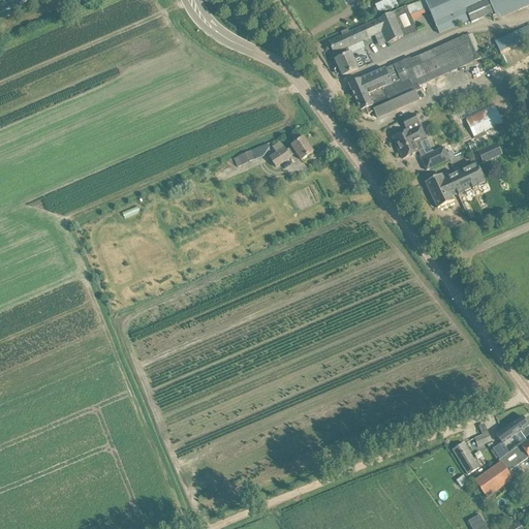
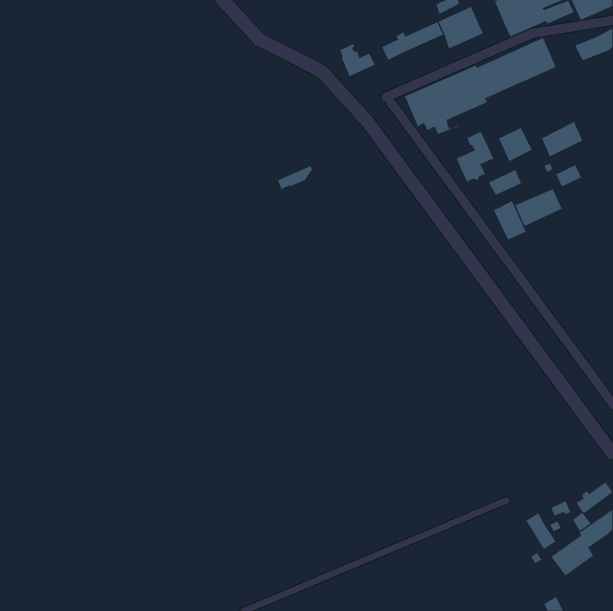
building: [335,45,366,74] -> [340,43,376,77]
building: none -> [498,127,533,162]
building: [270,136,313,165] -> none

